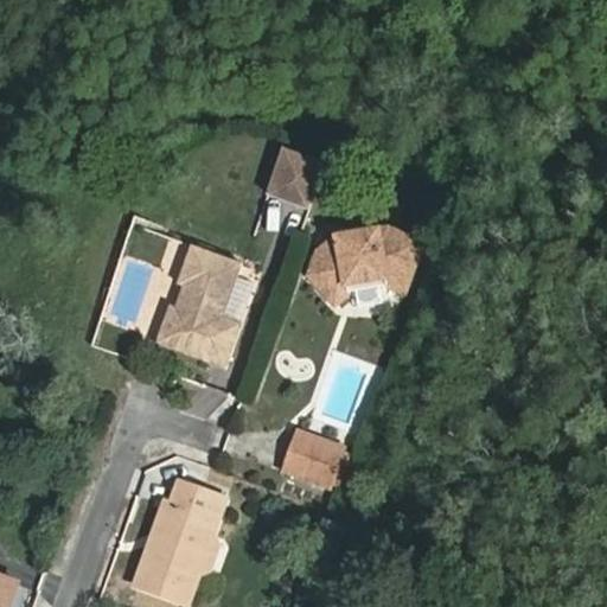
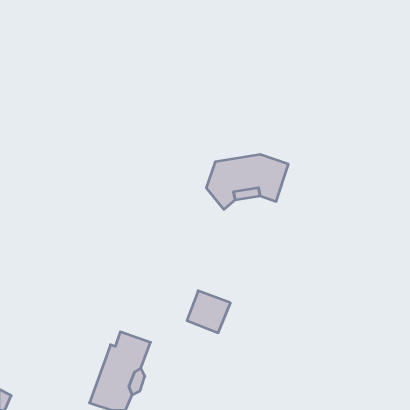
building: [268,142,325,205] -> none
building: [156,239,242,362] -> none

